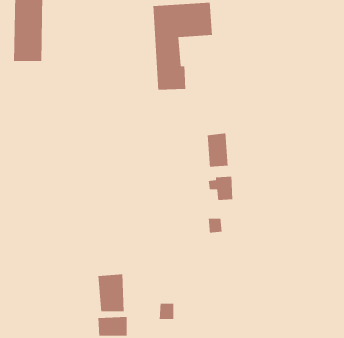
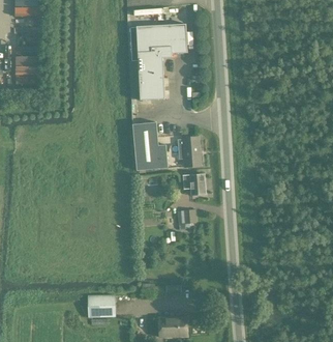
building: none -> [131,121,166,170]
building: [97,273,125,312] -> none

